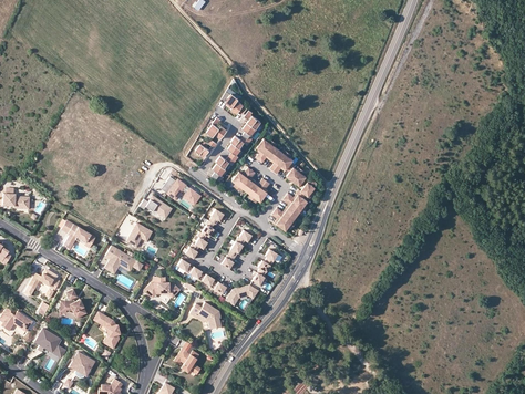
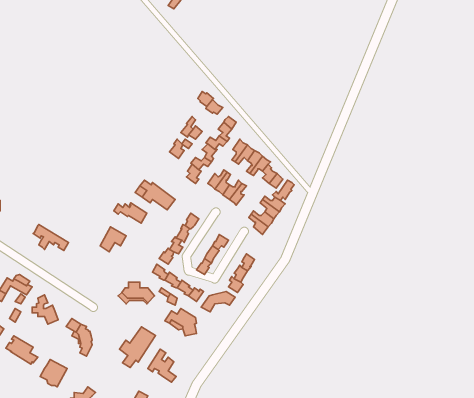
building: [104,246,142,273] -> none
building: none -> [119,327,156,368]

